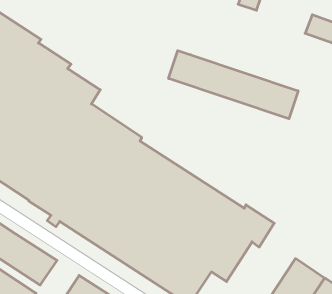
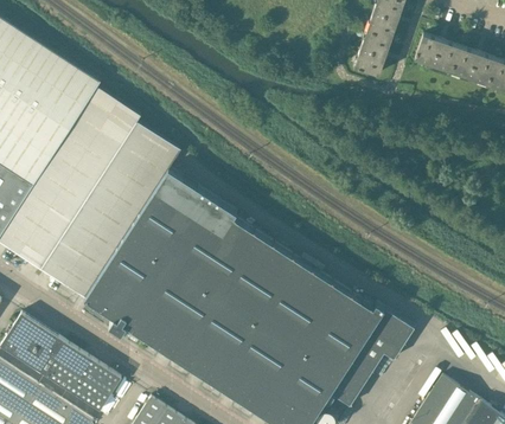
building: none -> [354,34,390,76]
building: none -> [415,34,465,73]
building: [169,51,298,119] -> none

